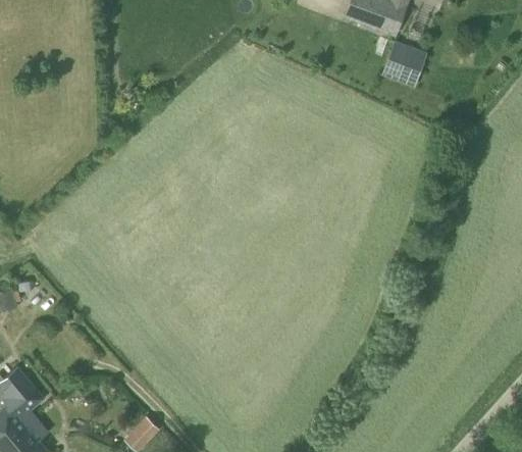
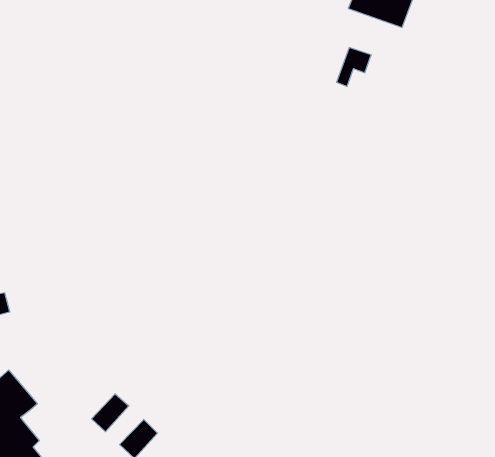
building: [382,41,416,79] -> [337,48,371,87]
building: none -> [92,394,129,432]

